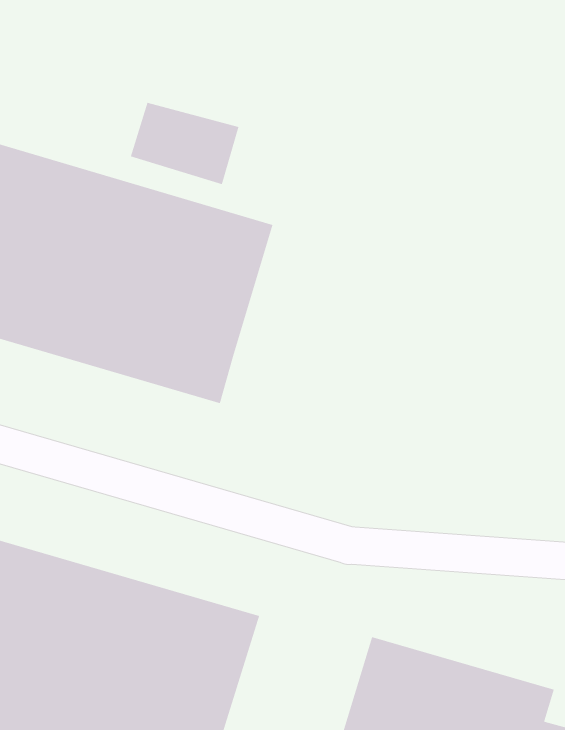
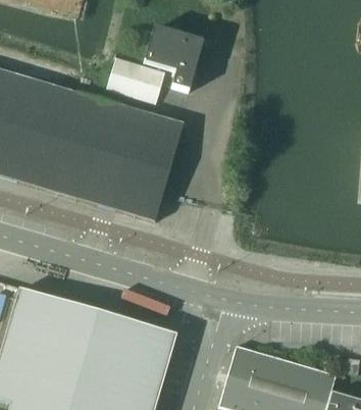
building: none -> [144,29,203,92]

